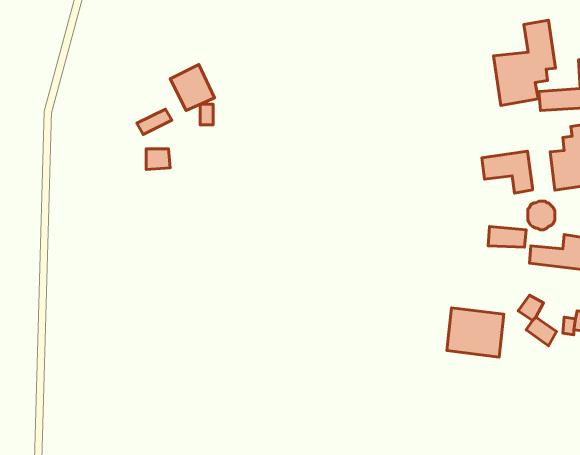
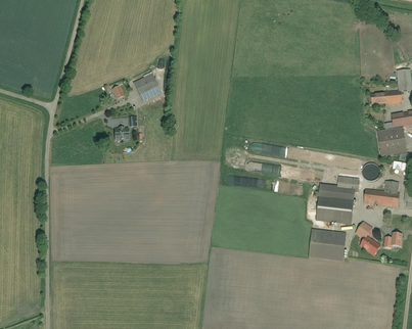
building: [494,20,555,105] -> none
building: [482,151,532,193] -> none
building: none -> [319,196,355,225]

